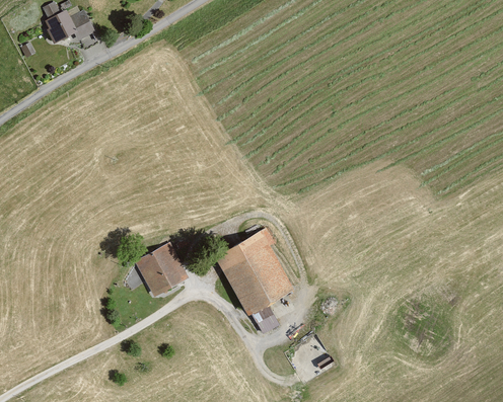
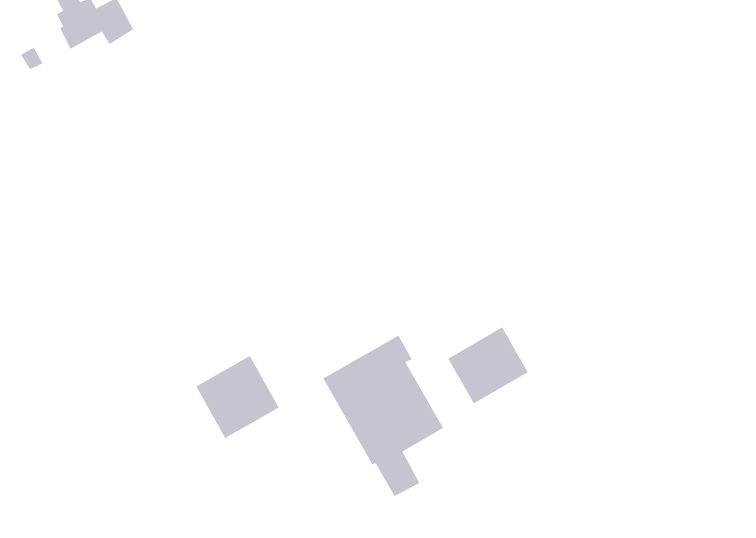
building: none -> [447,326,529,405]

